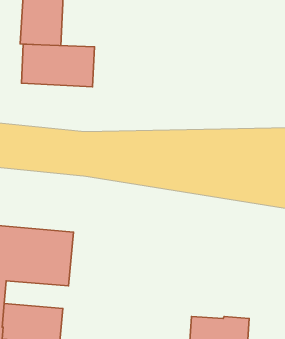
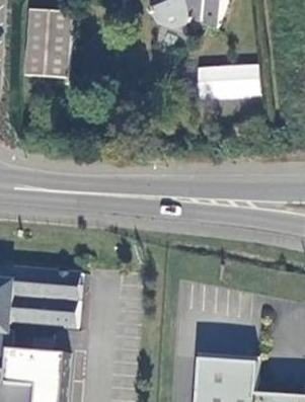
building: none -> [193,62,257,100]
building: [21,44,94,87] -> none

